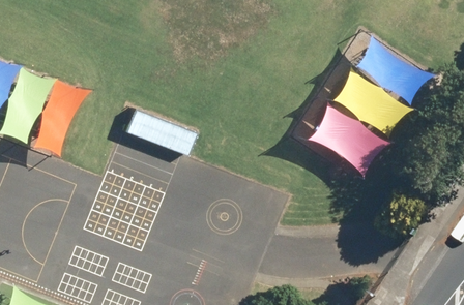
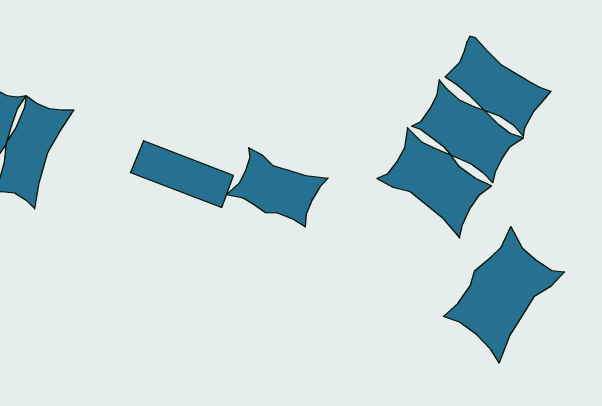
building: none -> [226,148,328,227]
building: none -> [443,227,565,363]

